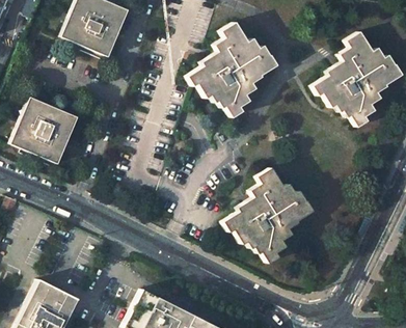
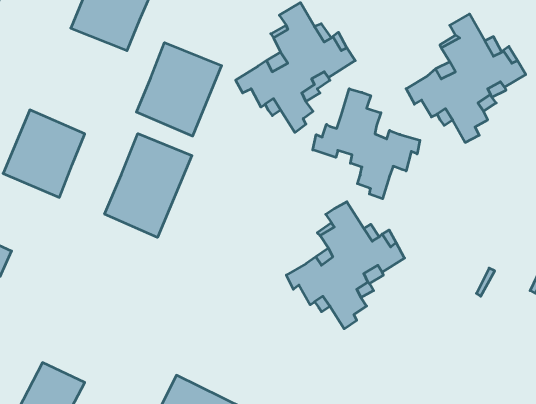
building: none -> [136,43,222,136]
building: none -> [313,89,420,199]
building: none -> [105,134,192,237]

